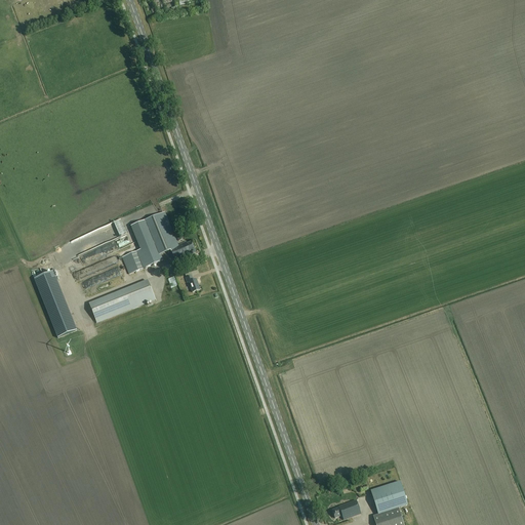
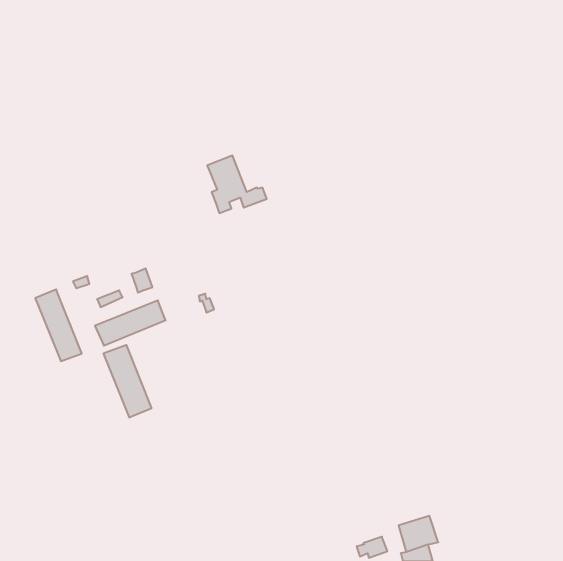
building: [139,209,195,262] -> [207,156,267,213]
building: none -> [104,345,151,418]

